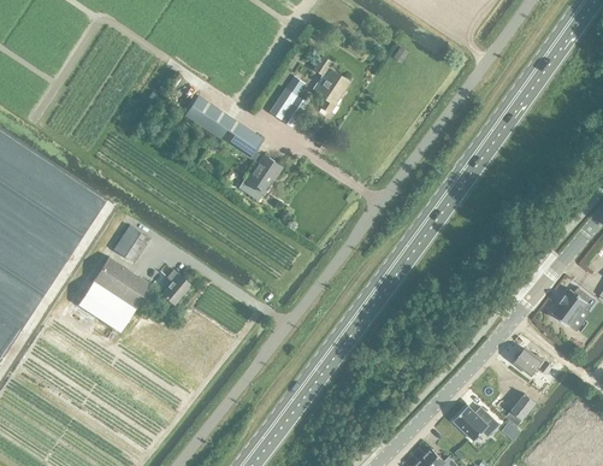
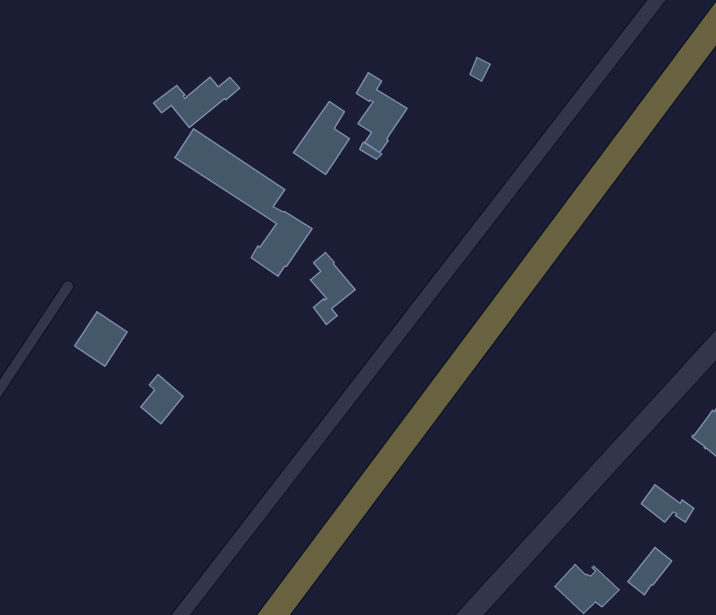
building: none -> [154,77,240,128]
building: none -> [310,252,355,325]
building: [76,256,150,332] -> none

